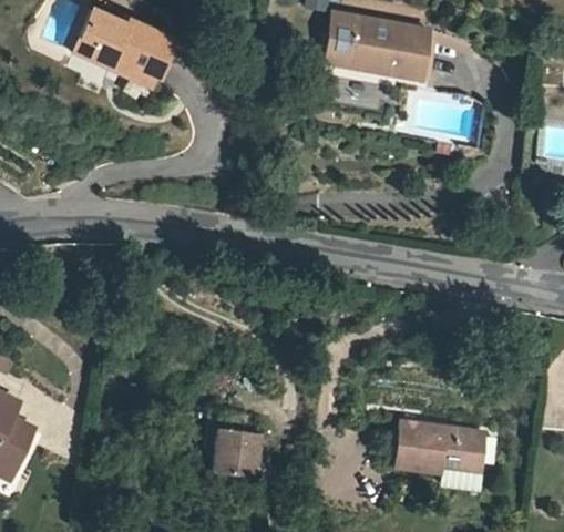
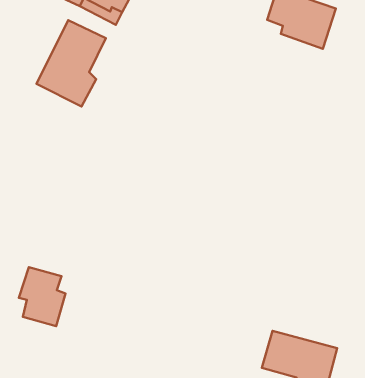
building: none -> [36,20,106,107]
building: [204,418,259,484] -> [19,267,66,326]

